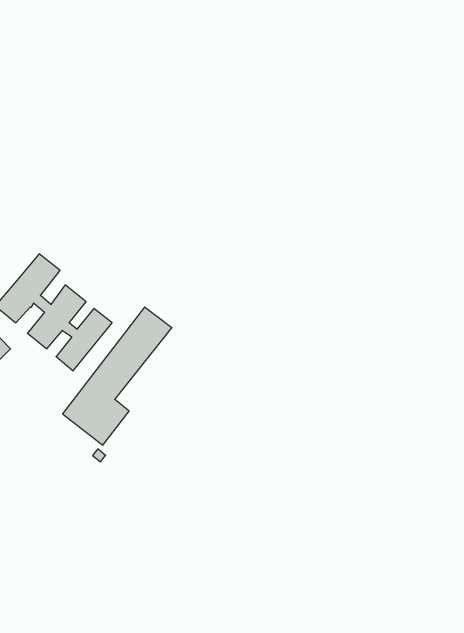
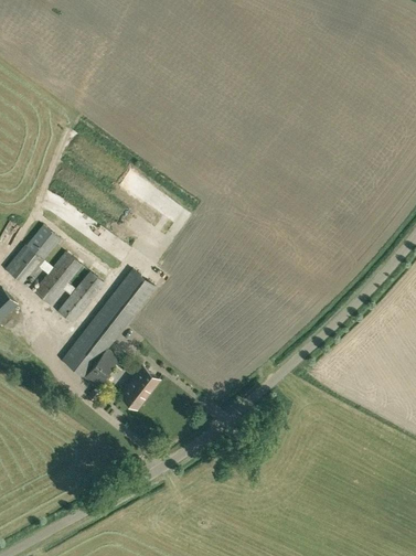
building: none -> [120,367,159,409]

